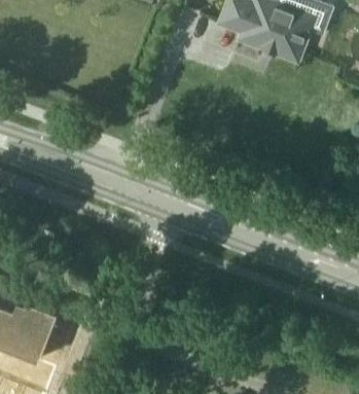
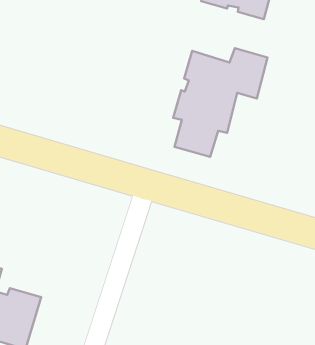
building: none -> [173,48,268,157]

